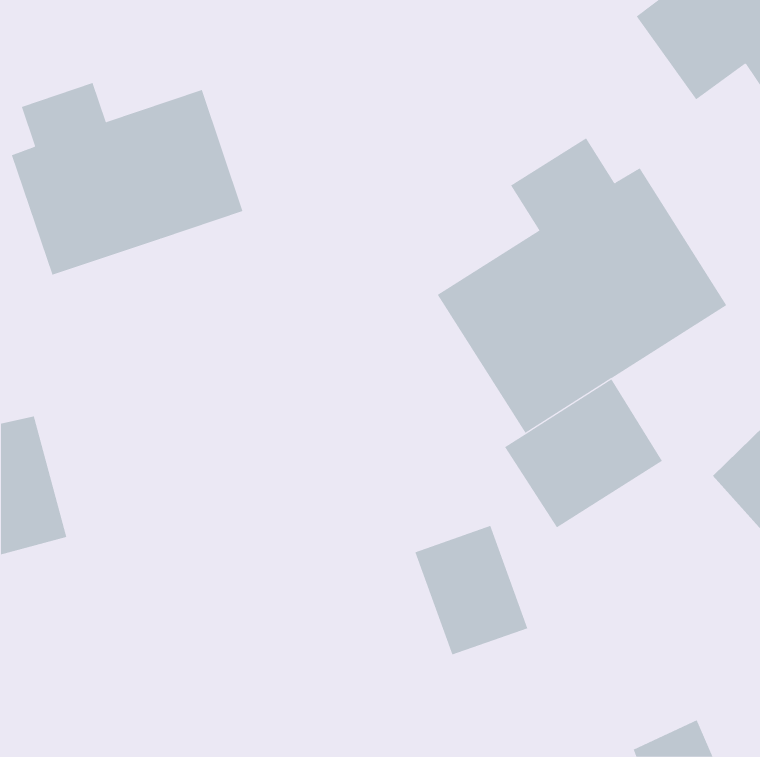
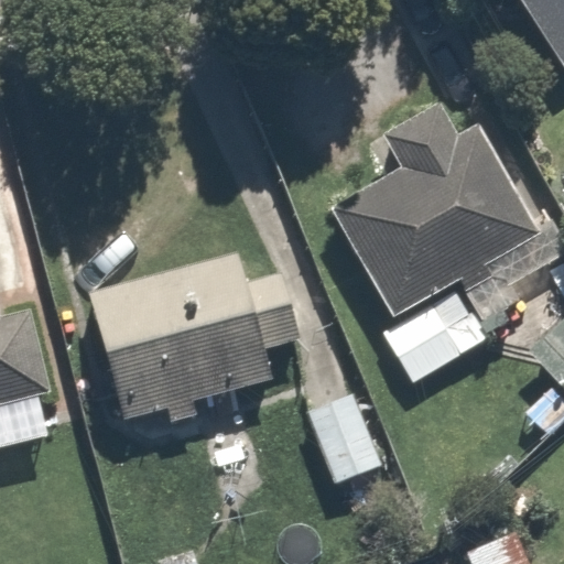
building: [11,82,243,275] -> none
building: none -> [95,262,307,420]

